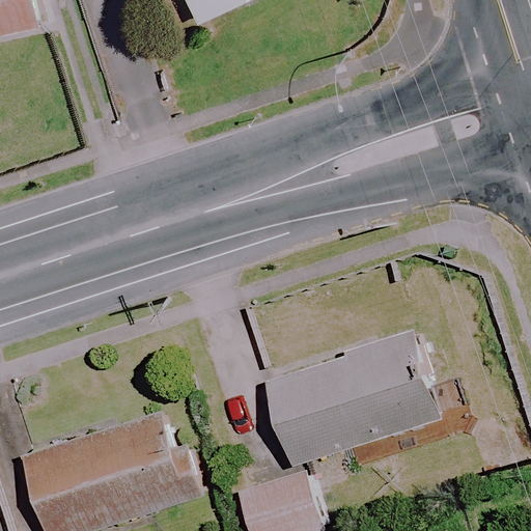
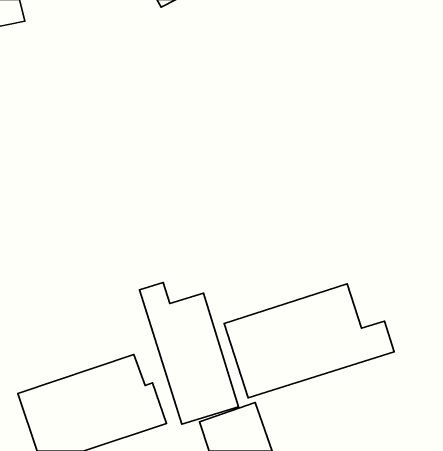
building: none -> [140,282,239,424]

